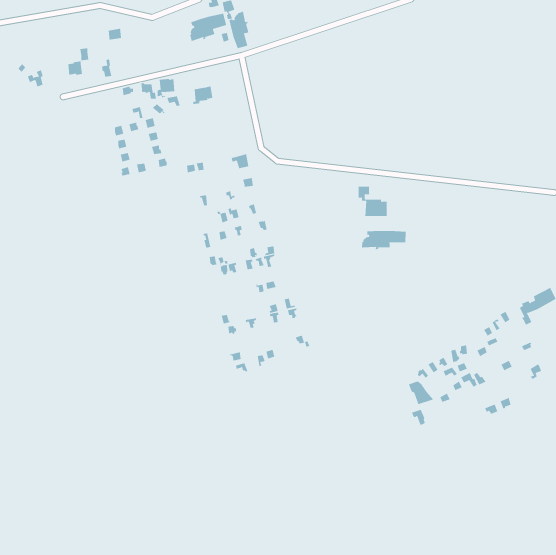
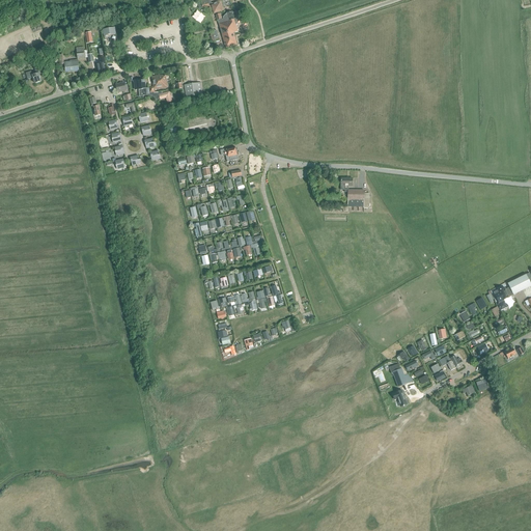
building: [189,13,227,42] -> none
building: [361,230,406,250] -> none

